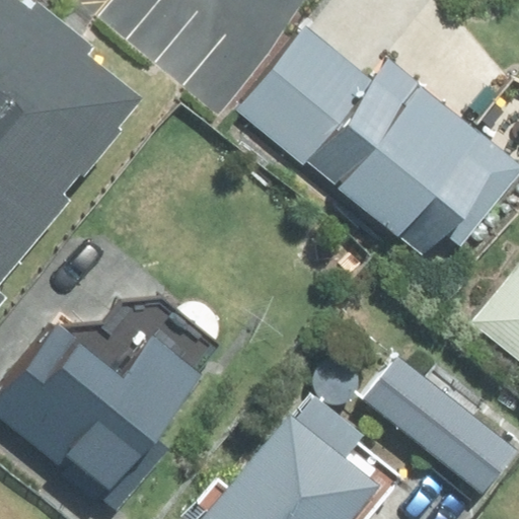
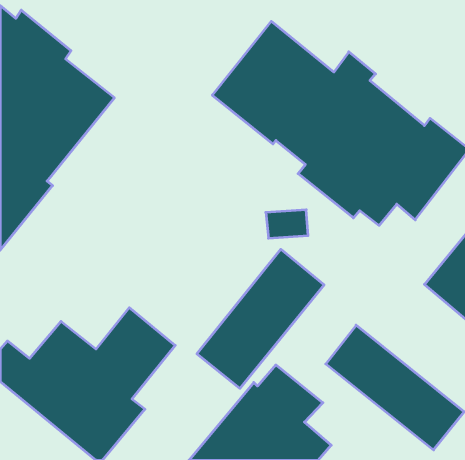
building: none -> [197,249,324,388]

